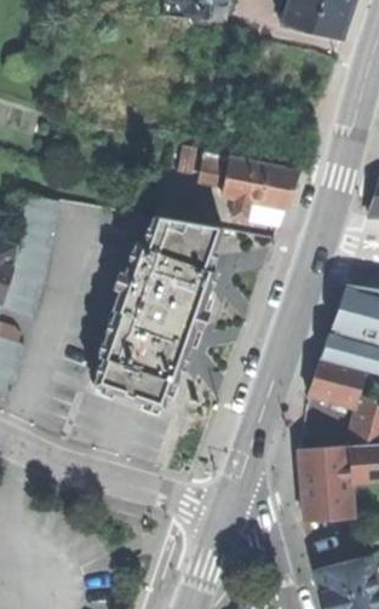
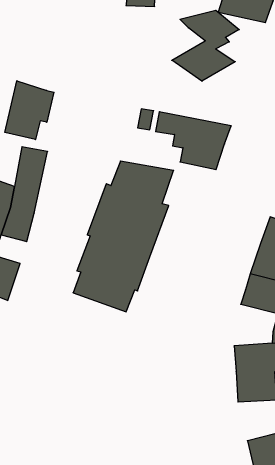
building: none -> [172,10,239,81]
building: none -> [5,81,54,140]

